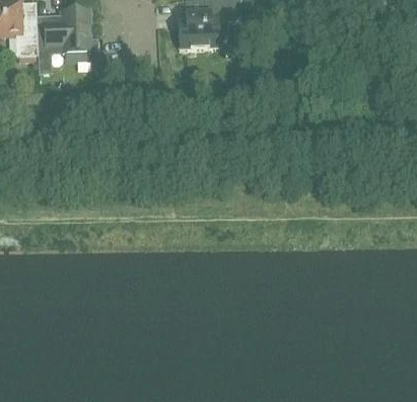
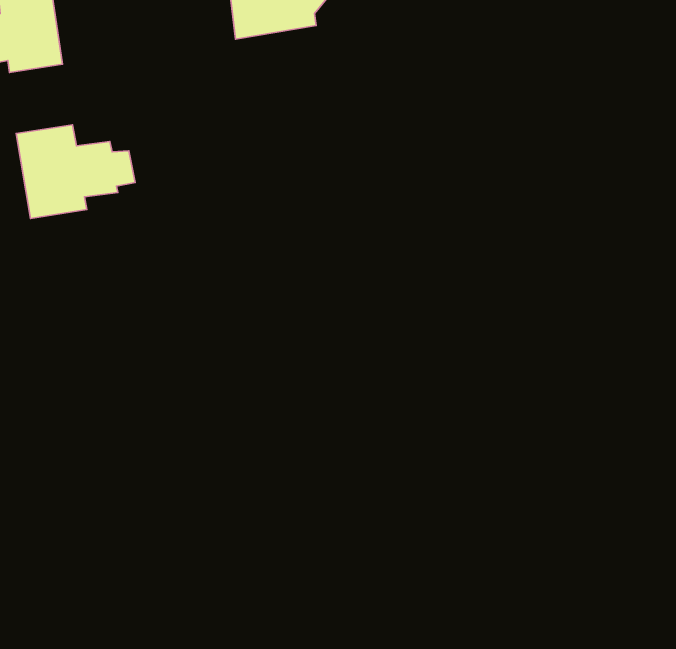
building: none -> [16,125,135,218]

